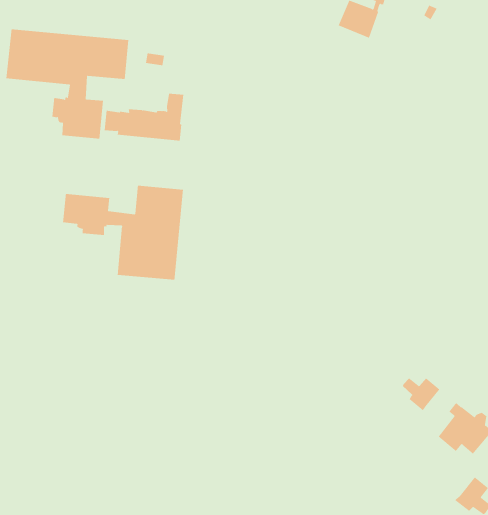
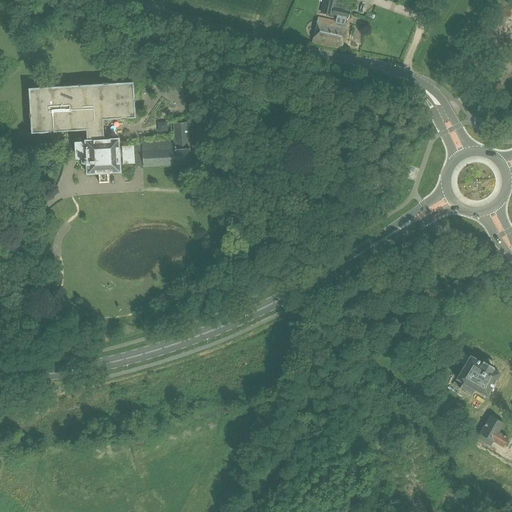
building: [63,185,183,280] -> none
building: [402,377,440,411] -> none

